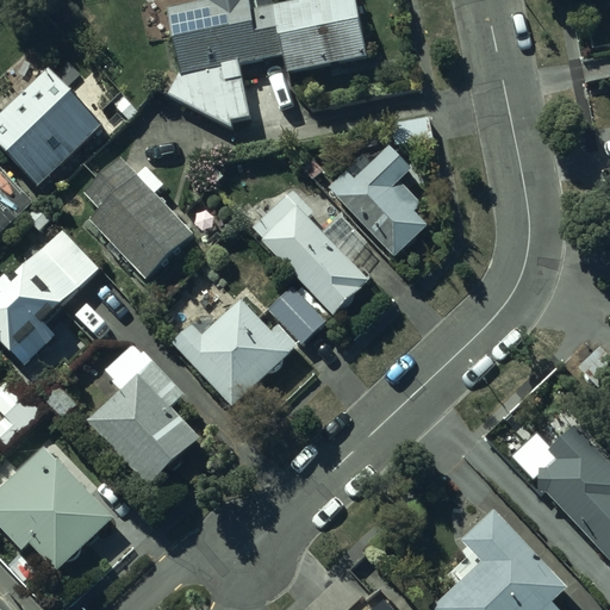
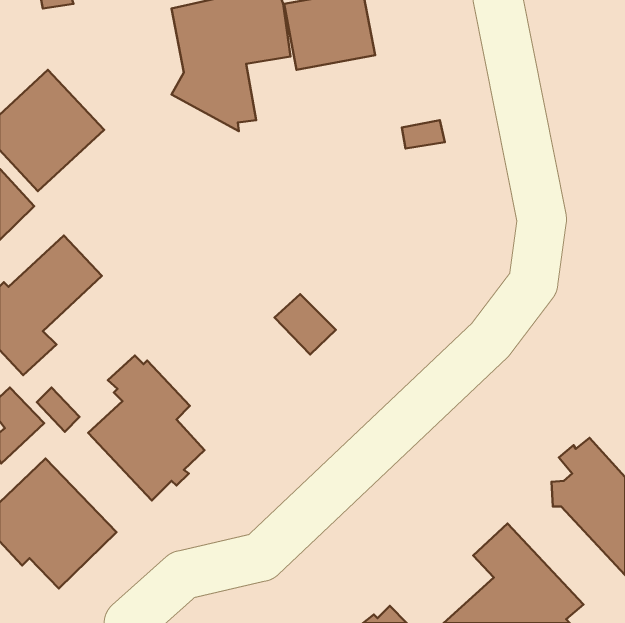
building: [328,145,428,256] -> none
building: [83,157,193,279] -> none
building: [253,195,368,313] -> none
building: [169,298,298,407] -> none

